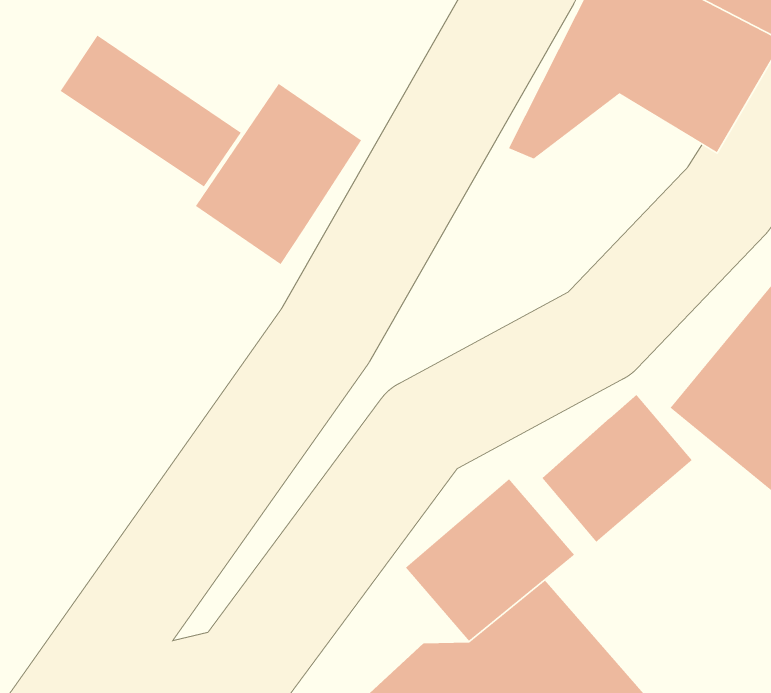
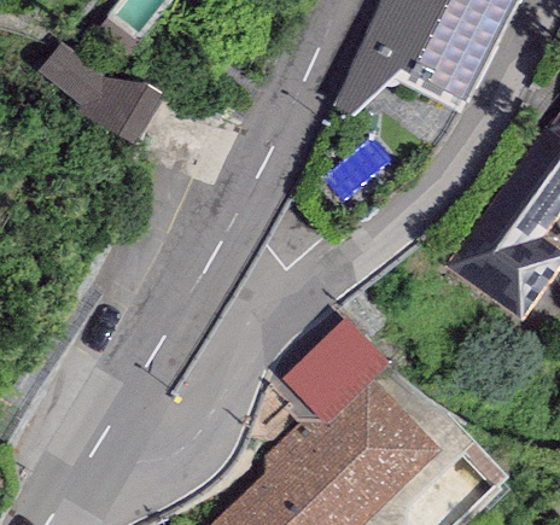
building: [195,83,362,265] -> none
building: [541,394,693,543] -> none

